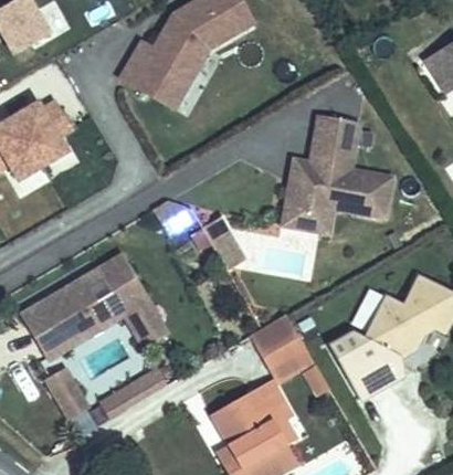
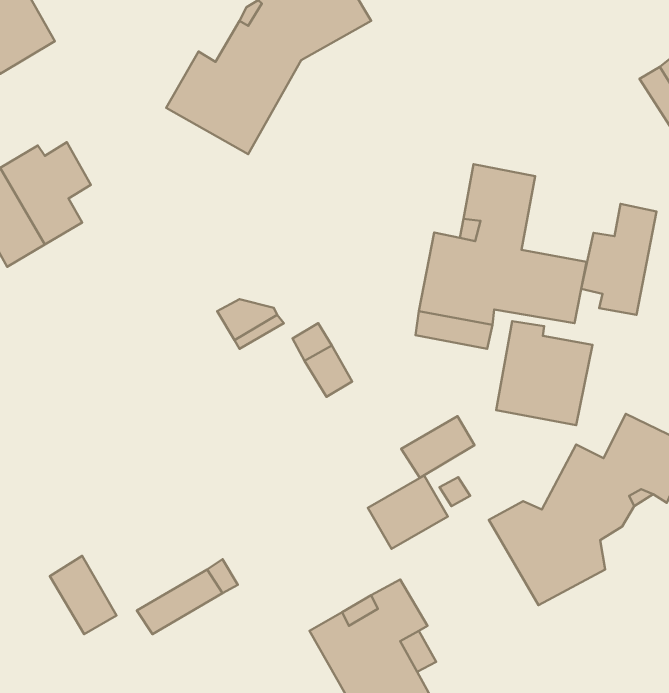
building: none -> [581,204,657,315]
building: none -> [496,321,593,425]
building: [21,254,167,359] -> none
building: [266,341,314,381] -> [401,416,475,478]

